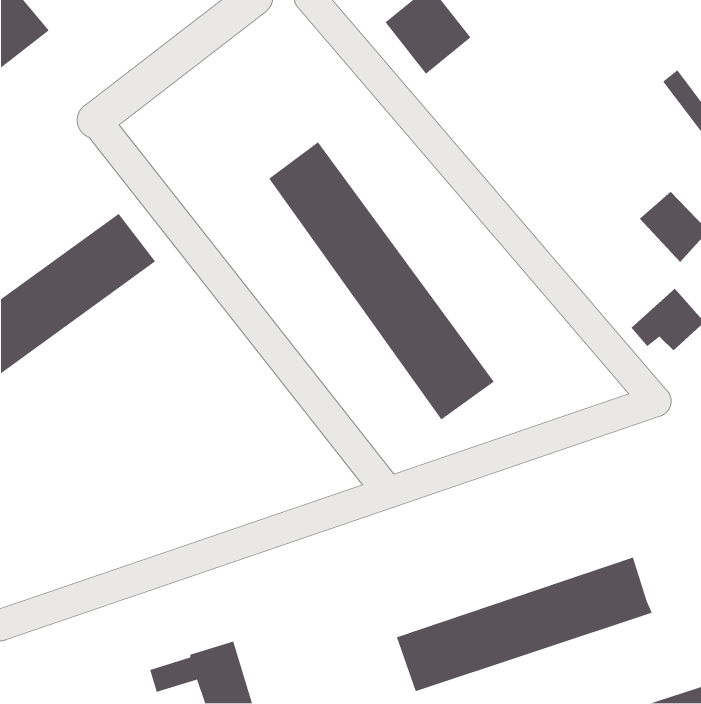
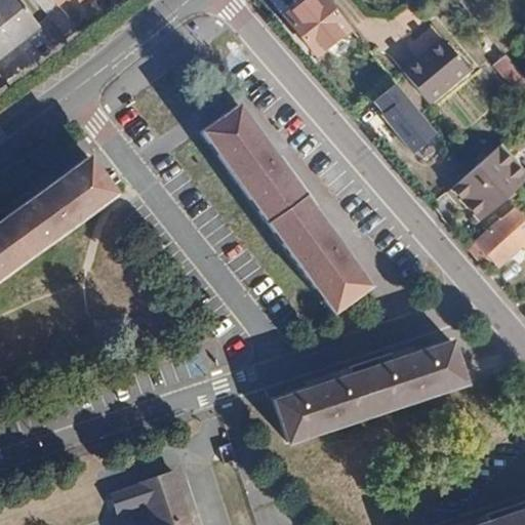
building: none -> [403,33,469,97]
building: none -> [376,83,440,153]
building: none -> [448,162,509,217]
building: [396,557,653,692] -> [277,340,468,441]

